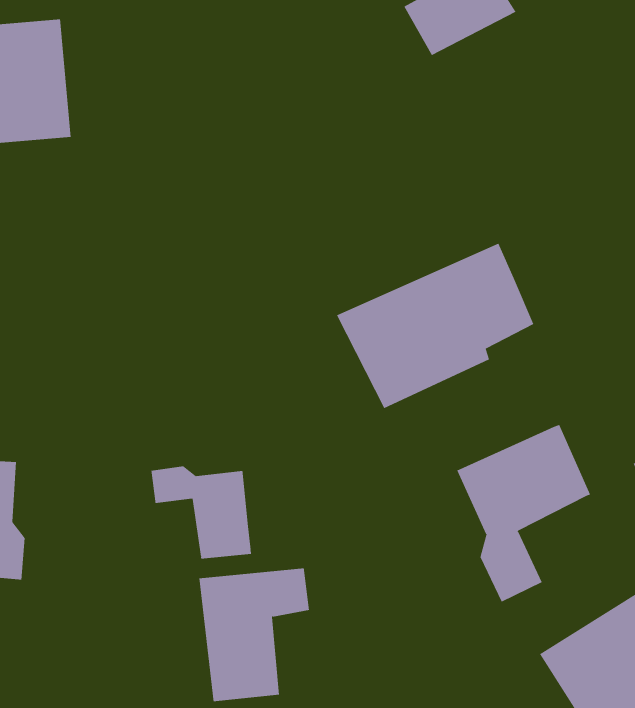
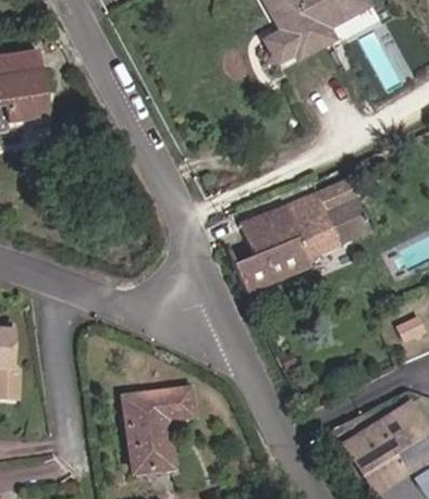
building: none -> [323,197,367,240]
building: [457,424,591,602] -> none
building: [151,466,251,560] -> none

